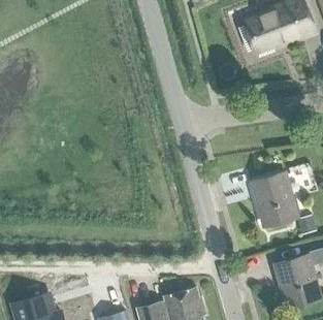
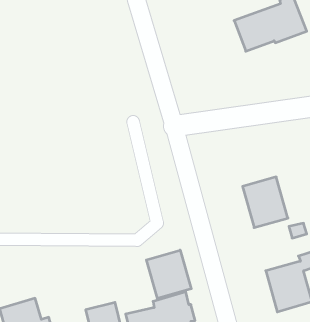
building: none -> [146,250,191,299]

